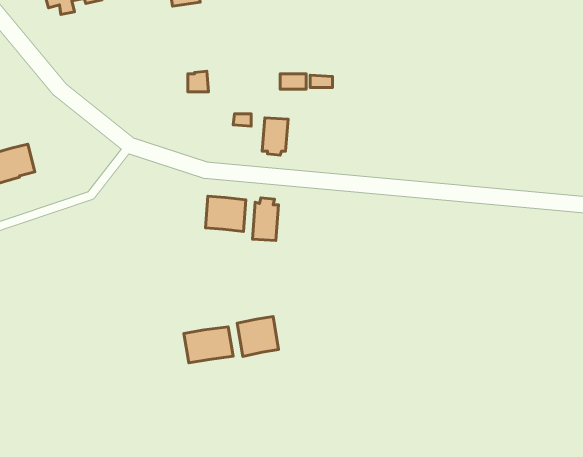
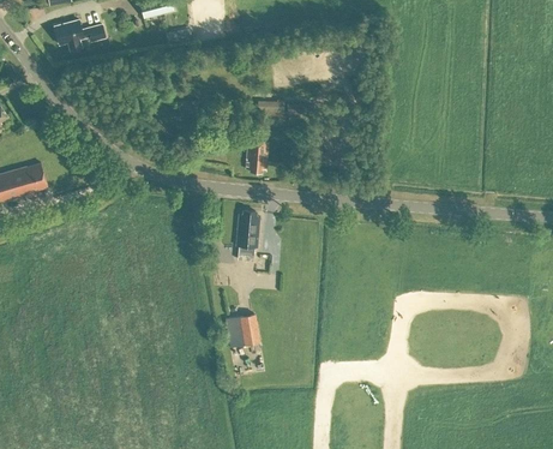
building: [205,196,246,232] -> none
building: [184,327,233,363] -> none

